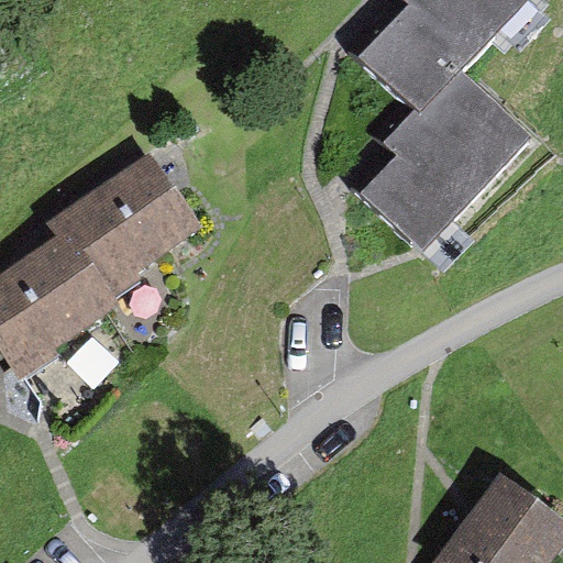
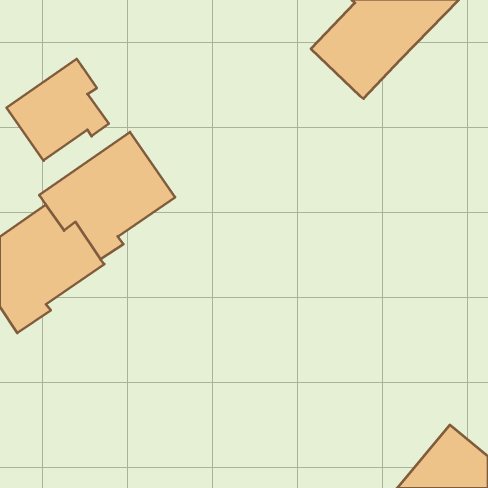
building: none -> [7,59,109,161]
building: [360,68,532,253] -> none

